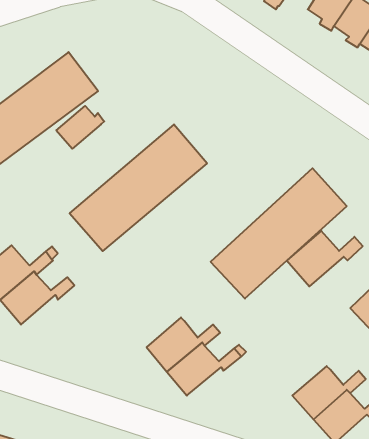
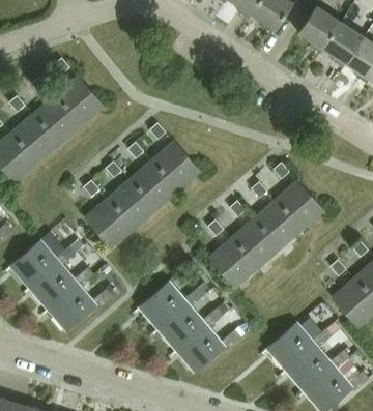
building: [56,106,104,149] -> none
building: [287,231,363,286] -> [265,323,332,372]
building: none -> [138,282,204,329]
building: none -> [48,284,112,330]

